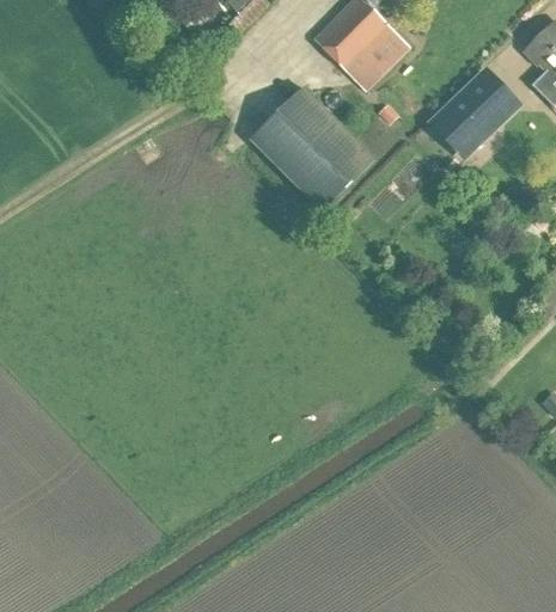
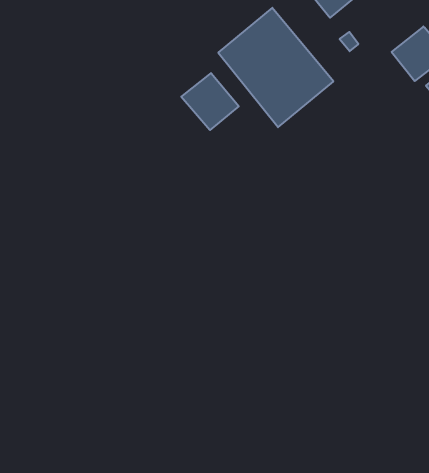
building: none -> [181,73,239,130]

